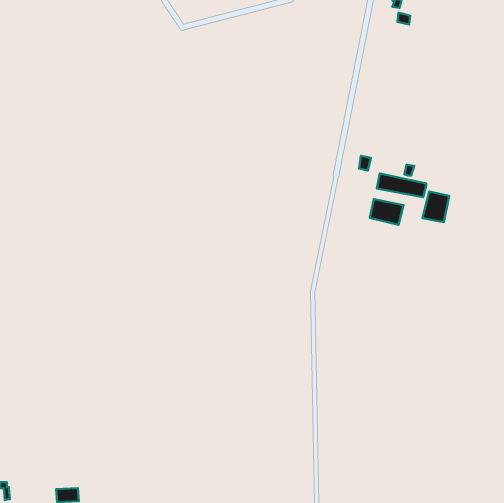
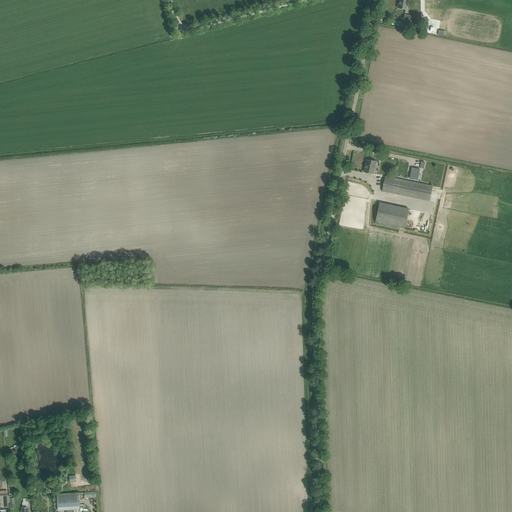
building: [422,191,449,222] -> none

